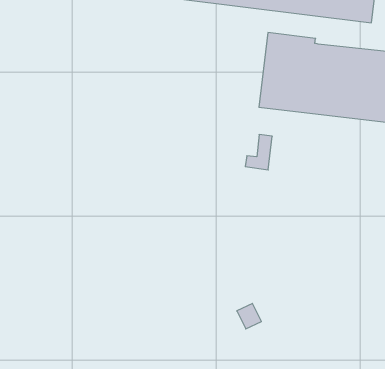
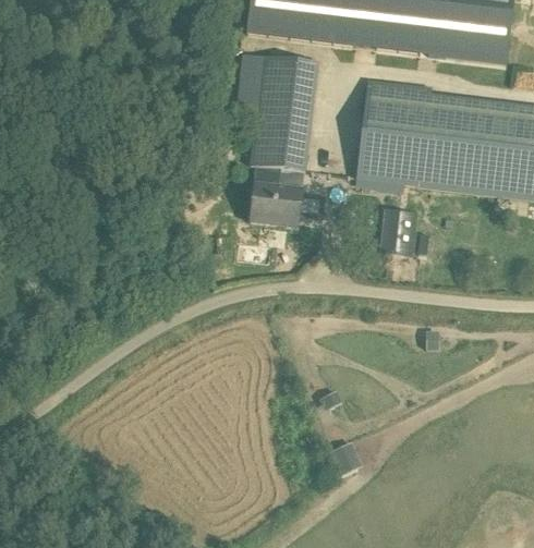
building: none -> [234,52,317,224]
building: [245,135,272,170] -> [380,209,416,256]

